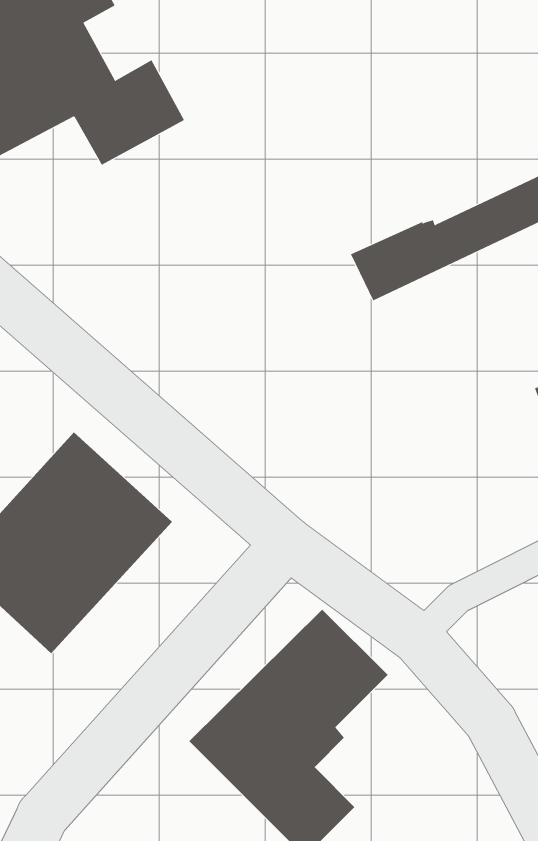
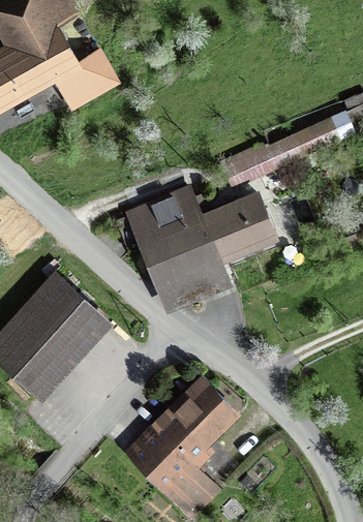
building: none -> [124,186,278,313]

